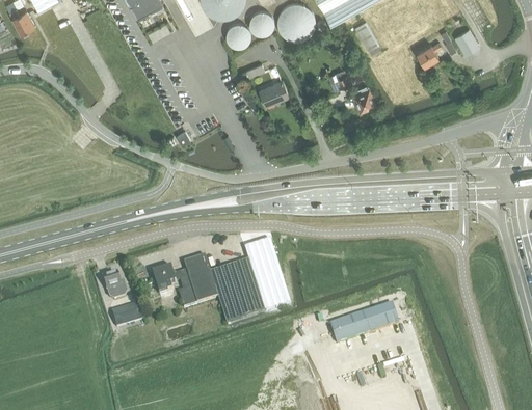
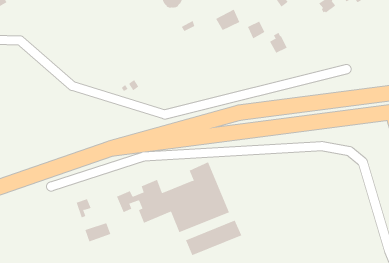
building: [258,79,288,105] -> [215,9,240,31]
building: [329,301,400,341] -> [185,220,242,256]

